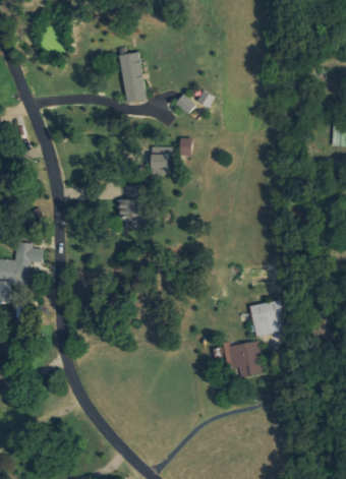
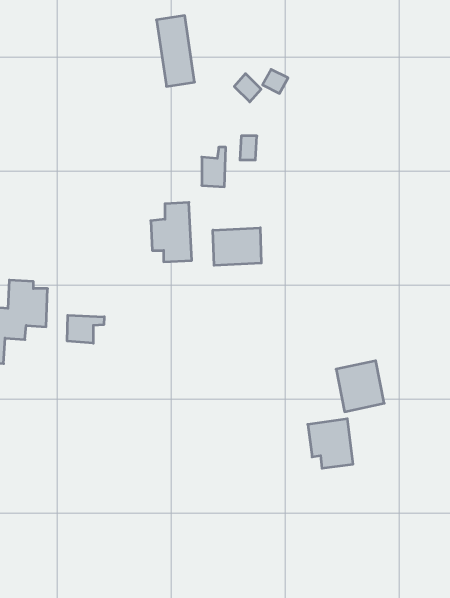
building: none -> [213,228,261,265]
building: none -> [67,315,104,343]

